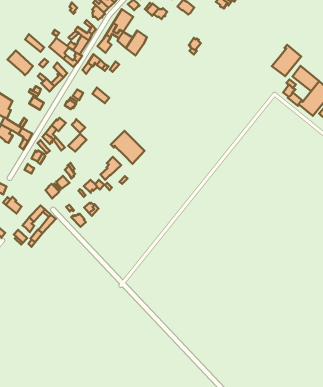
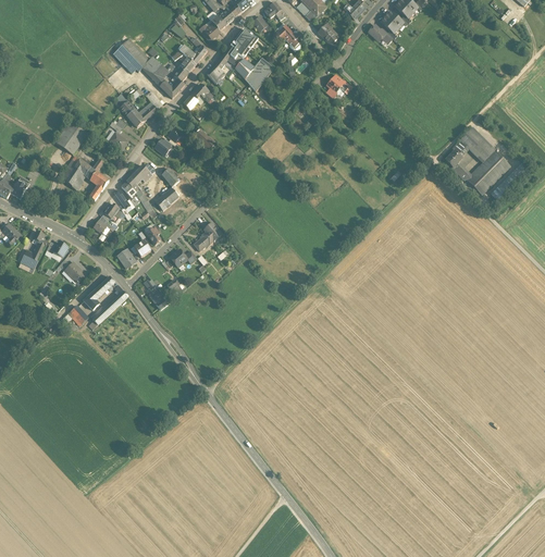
building: [272,45,301,76] -> none
building: [8,51,33,75] -> [116,38,149,72]
building: [111,131,145,164] -> none

